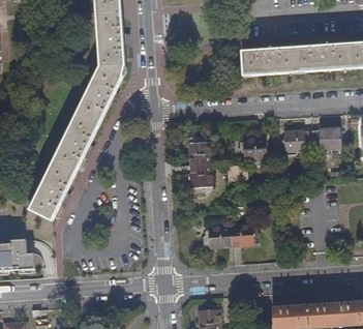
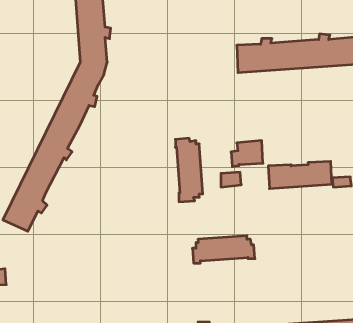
building: [282,127,340,152] -> [268,161,332,189]

